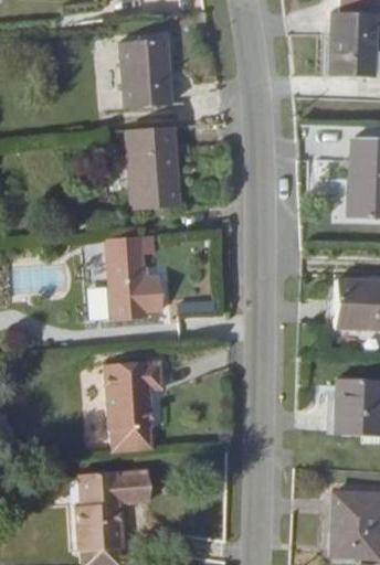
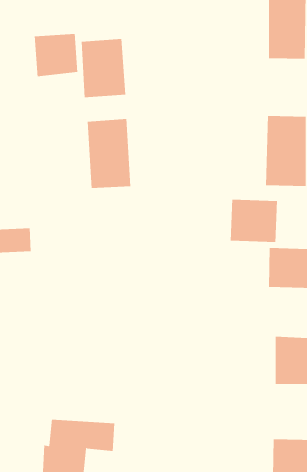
building: none -> [34,33,78,77]
building: none -> [230,199,277,243]
building: [106,243,158,323] -> none
building: [102,365,157,452] -> none

